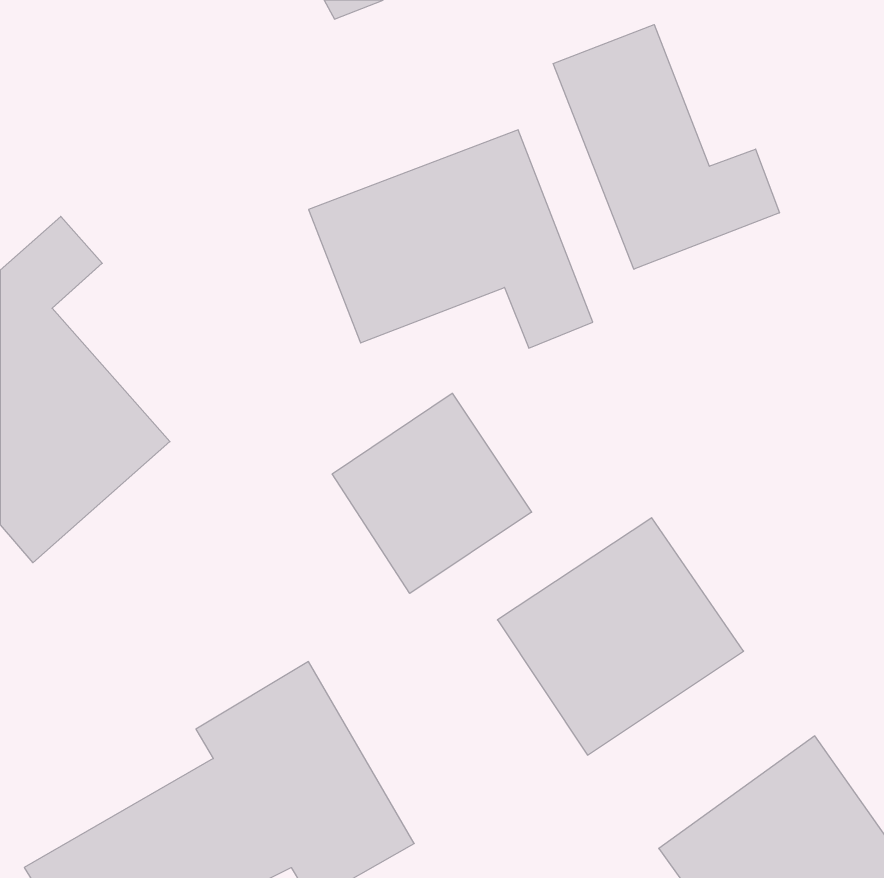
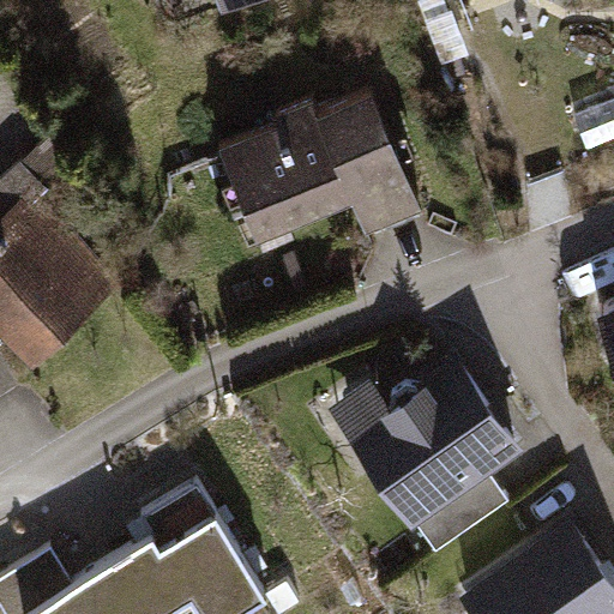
building: [553,25,779,269] -> none
building: [332,393,532,593] -> none

